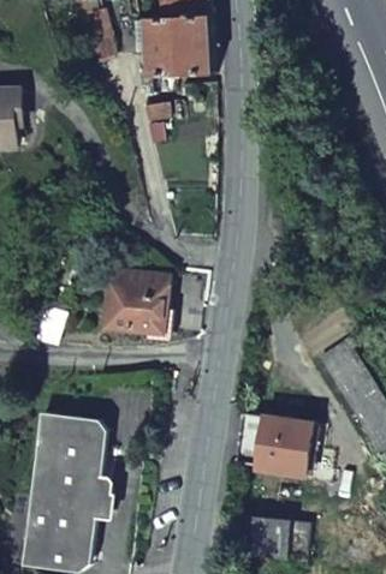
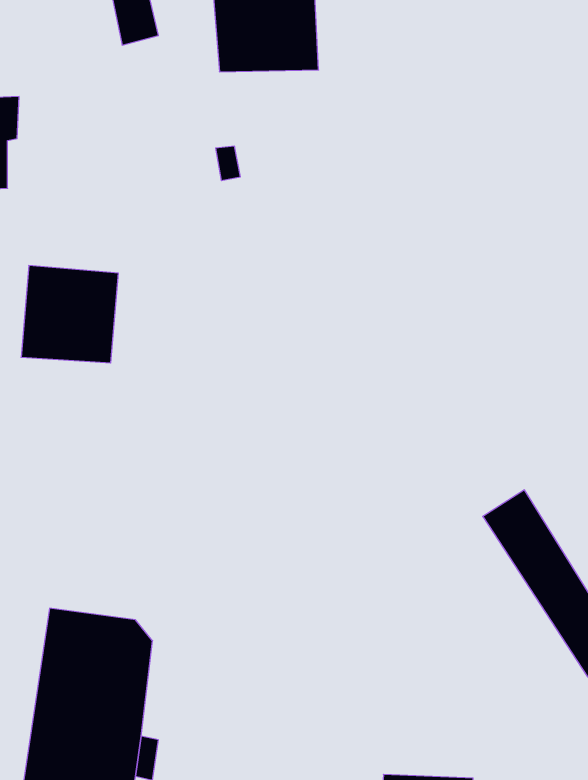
building: [107,271,168,333] -> [21,266,118,363]
building: [256,417,309,474] -> none

